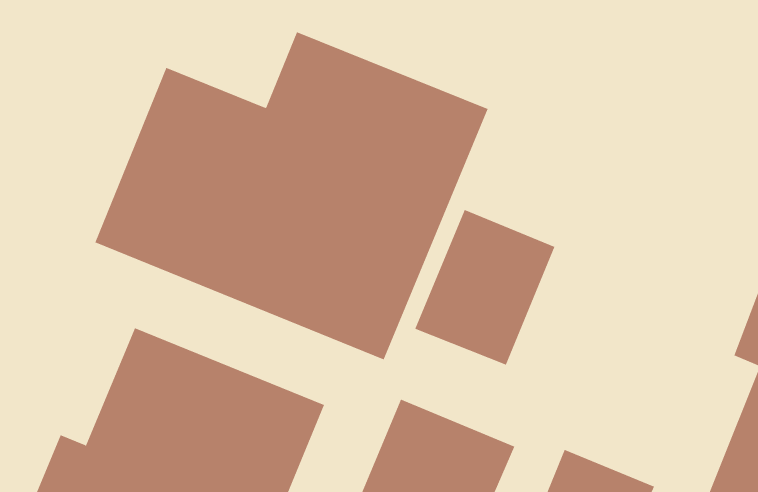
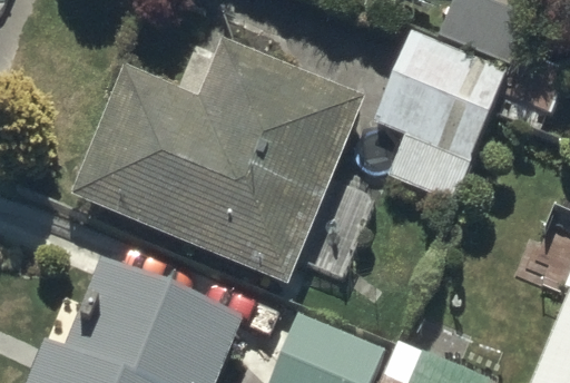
building: none -> [375,28,509,198]
building: [414,209,555,366] -> none

